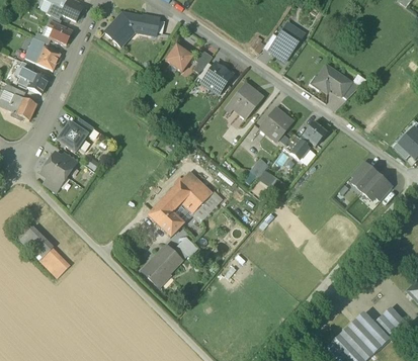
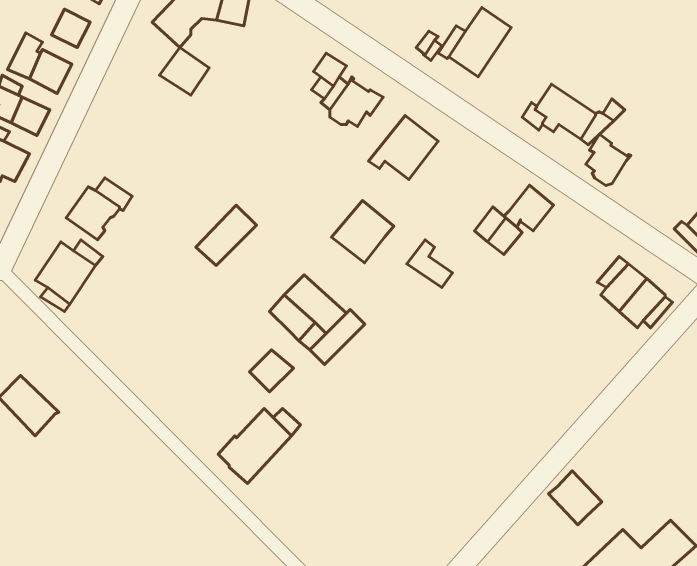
building: [164,44,191,71] -> [160,48,209,95]
building: none -> [586,134,631,186]
building: [258,107,292,142] -> [331,200,394,263]
building: [147,191,180,224] -> [196,205,256,265]
building: [39,248,69,277] -> none
building: none -> [549,471,602,525]

